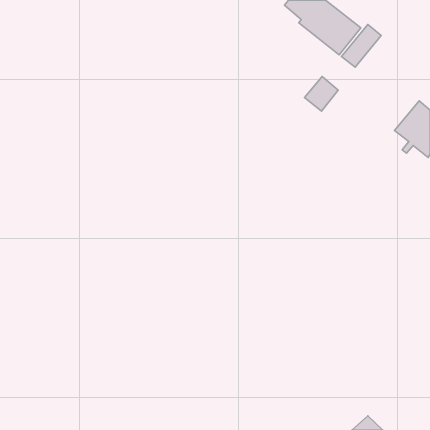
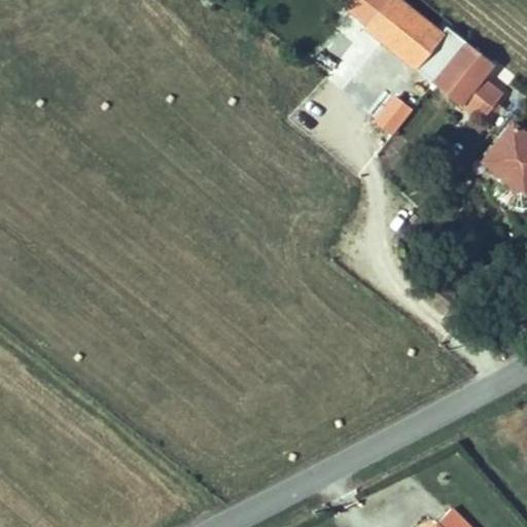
building: none -> [434,43,502,119]

